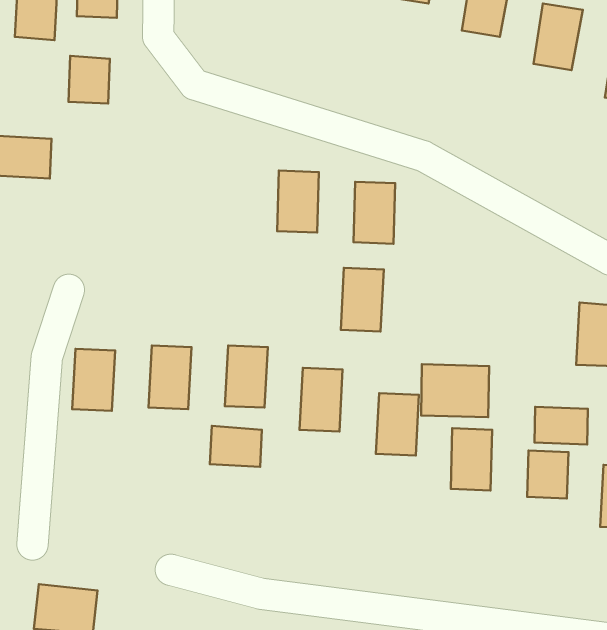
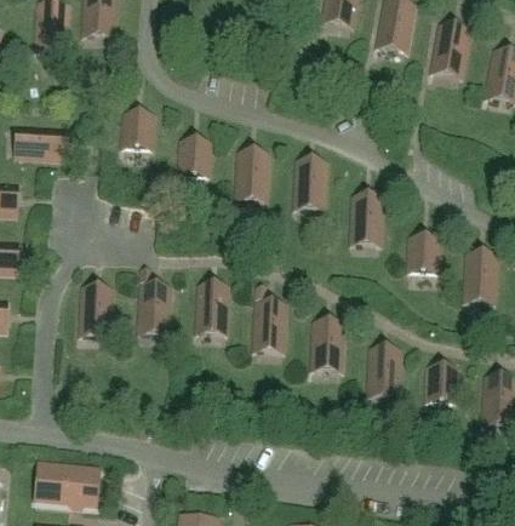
building: [68,56,110,103] -> [122,112,154,148]
building: none -> [179,139,211,176]
building: [341,268,384,331] -> [350,195,383,244]
building: none -> [407,235,440,271]
building: [421,364,489,417] -> none
building: [534,407,588,444] -> none
building: [210,426,262,467] -> none

